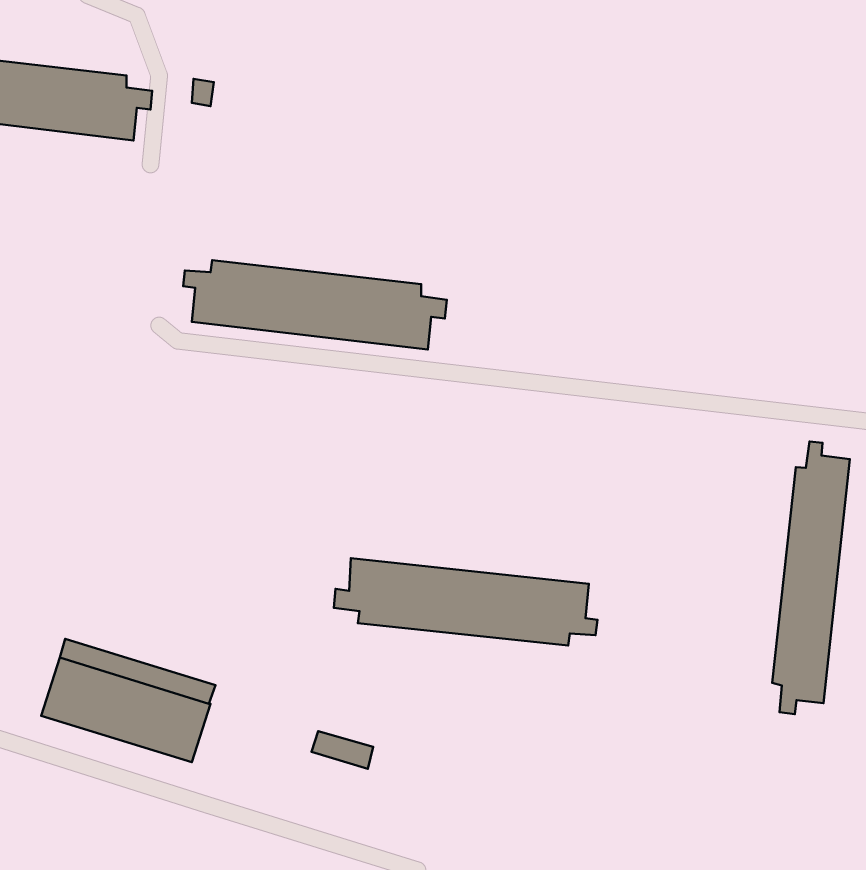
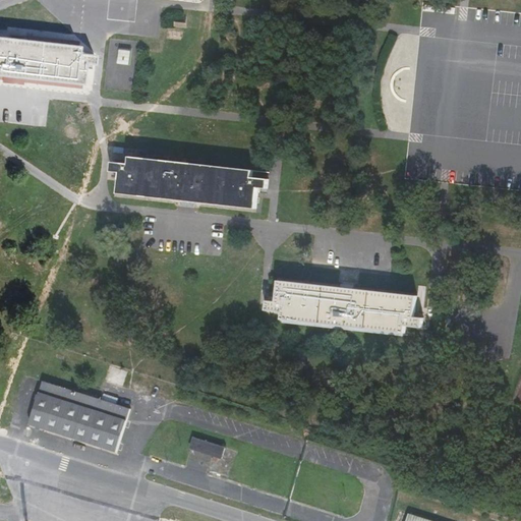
building: [772,442,850,714] -> none
building: [334,558,597,646] -> [265,281,421,333]

